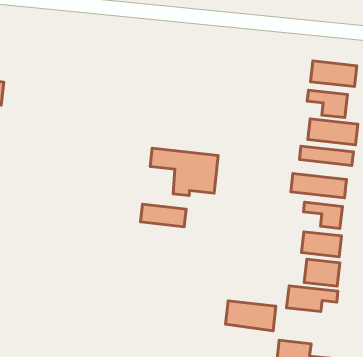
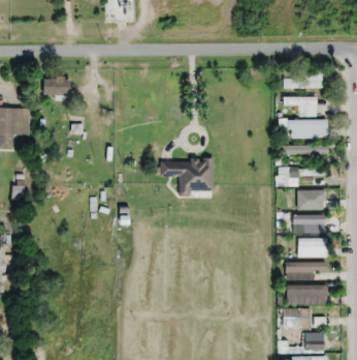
building: none -> [43,77,71,97]
building: [140,204,186,227] -> none
building: [226,301,276,331] -> [287,284,327,305]

